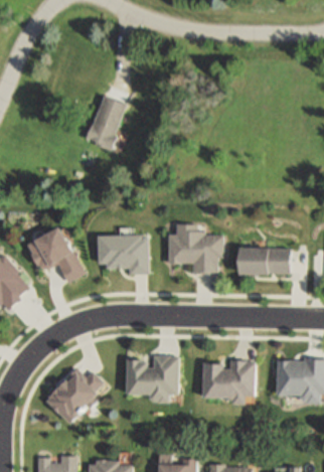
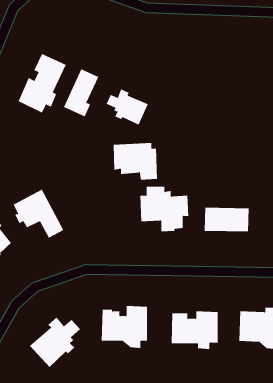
building: none -> [18,53,67,114]
building: none -> [106,88,149,125]
building: [99,233,148,275] -> [113,143,158,180]

